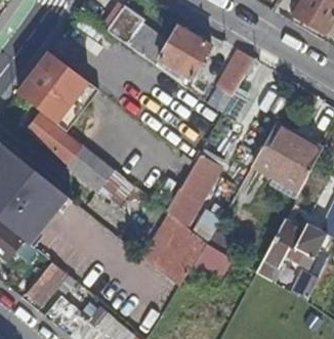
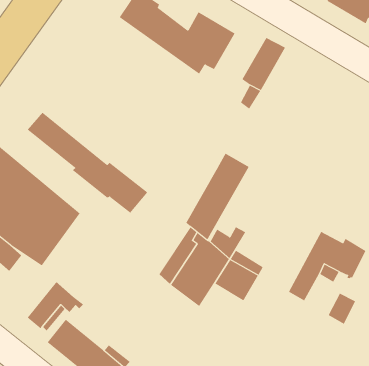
building: [18,51,90,124] -> none
building: [251,124,322,193] -> none

